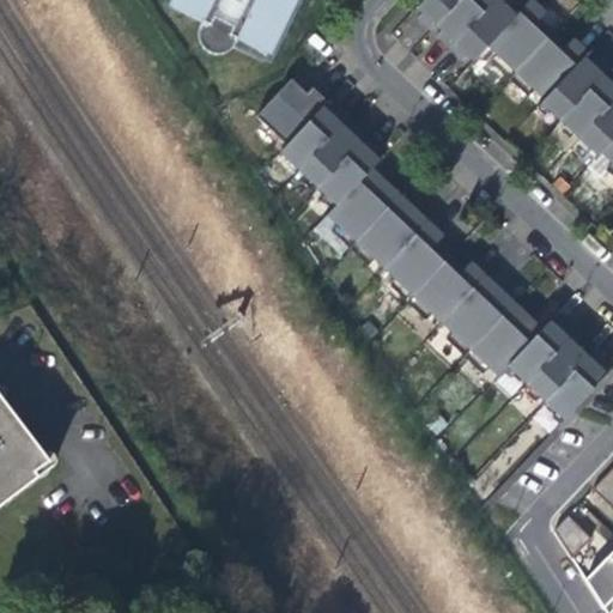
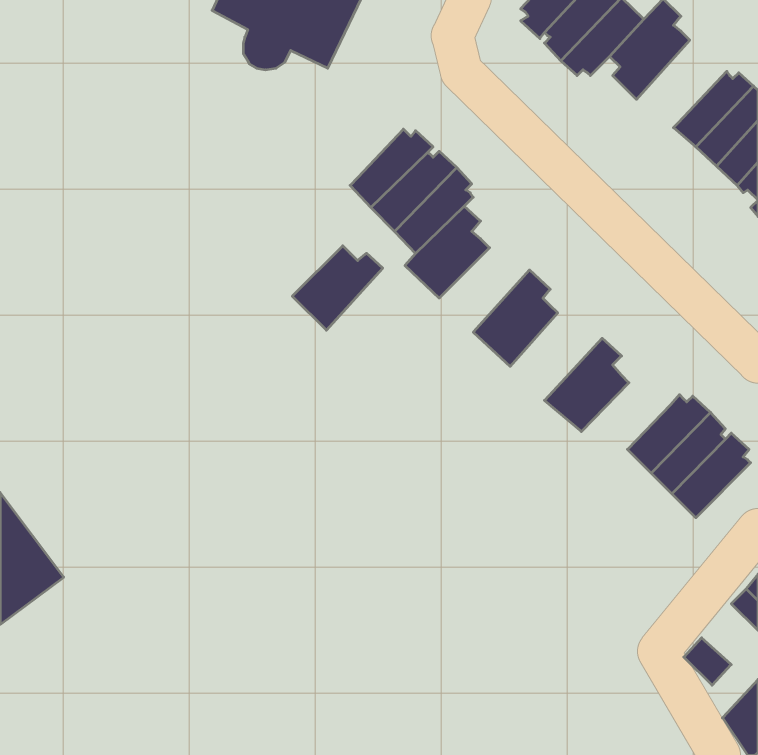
building: [514,32,591,99] -> none
building: [259,71,330,144] -> none
building: [354,200,427,268] -> [292,246,383,330]
building: [412,253,486,323] -> none
building: [469,309,541,375] -> none

